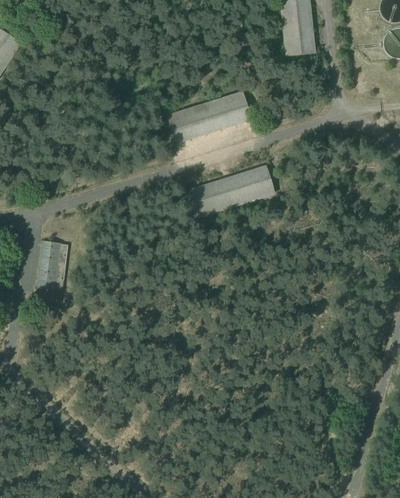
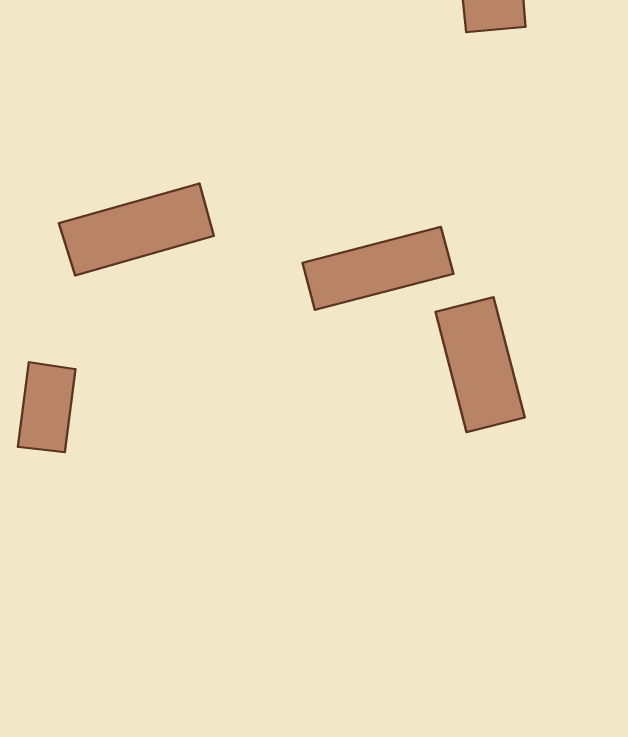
building: [166,91,252,142] -> [59,184,214,276]
building: none -> [435,297,525,432]

